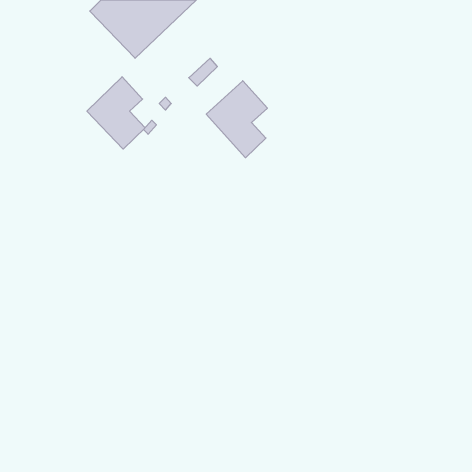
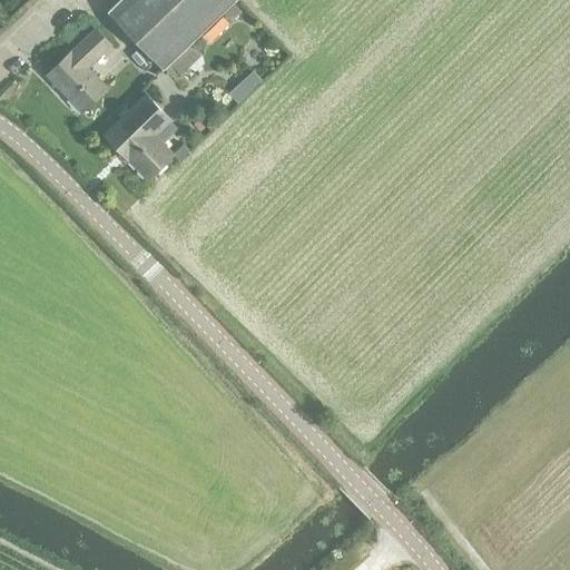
building: none -> [46,27,110,109]
building: [206,81,267,158] -> none

